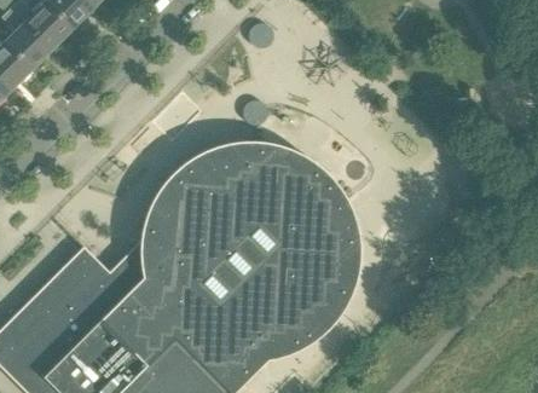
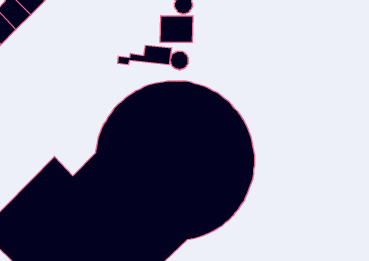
building: none -> [160,16,193,42]
building: none -> [118,45,172,65]

